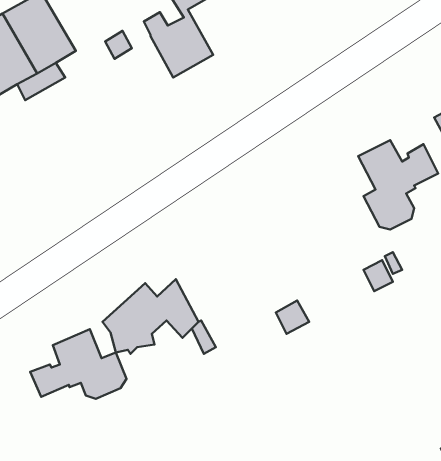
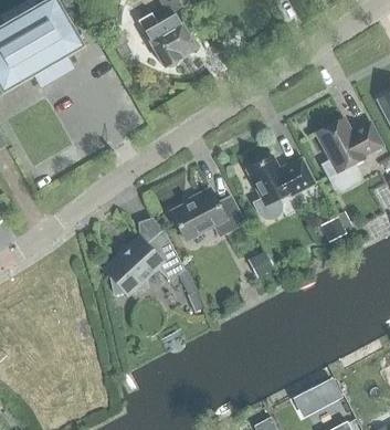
building: none -> [246,156,315,219]
building: none -> [170,188,245,241]
building: [30,329,127,399] -> none

